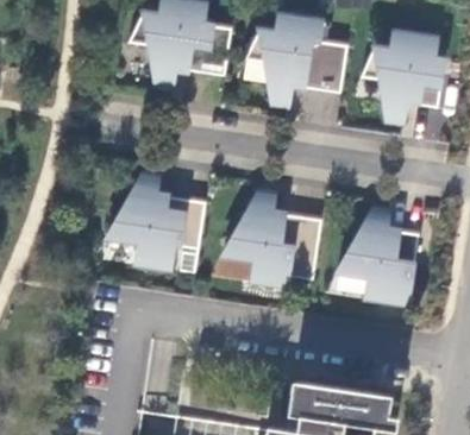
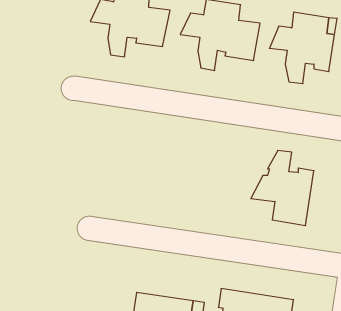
building: [108,172,205,271] -> none
building: [224,190,321,285] -> none

